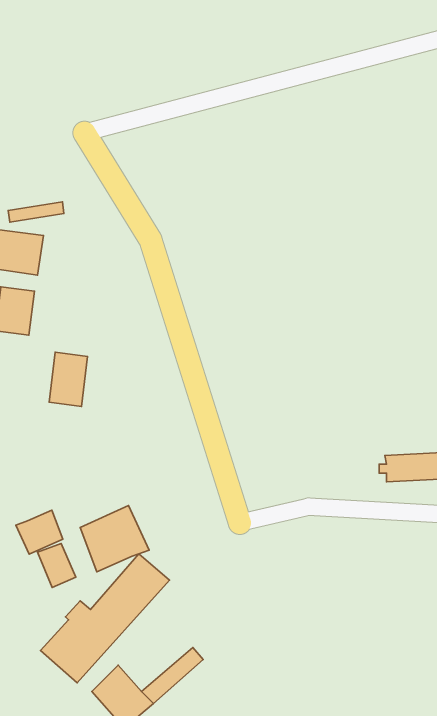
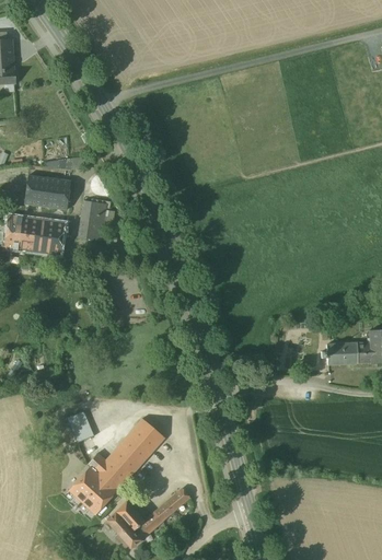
building: [49,352,87,406] -> [79,200,107,241]
building: [80,506,149,572] -> none
building: [16,510,63,554] -> none

